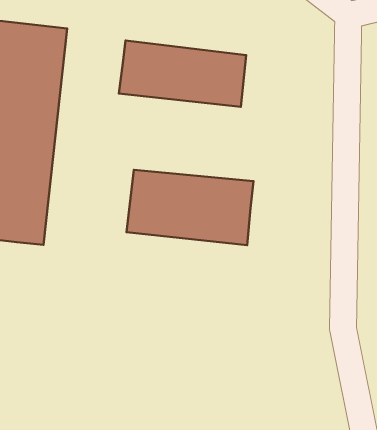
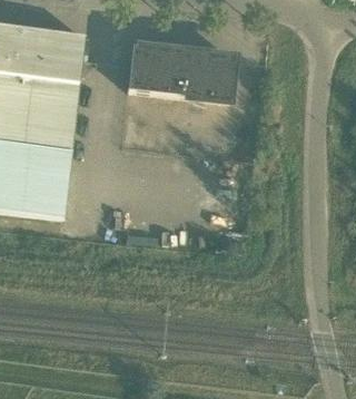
building: [127,170,253,245] -> none

